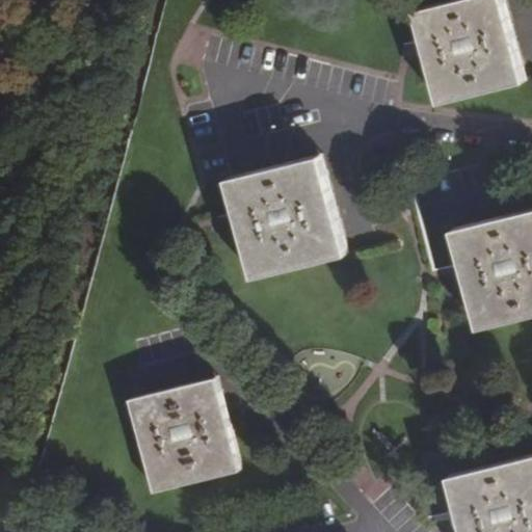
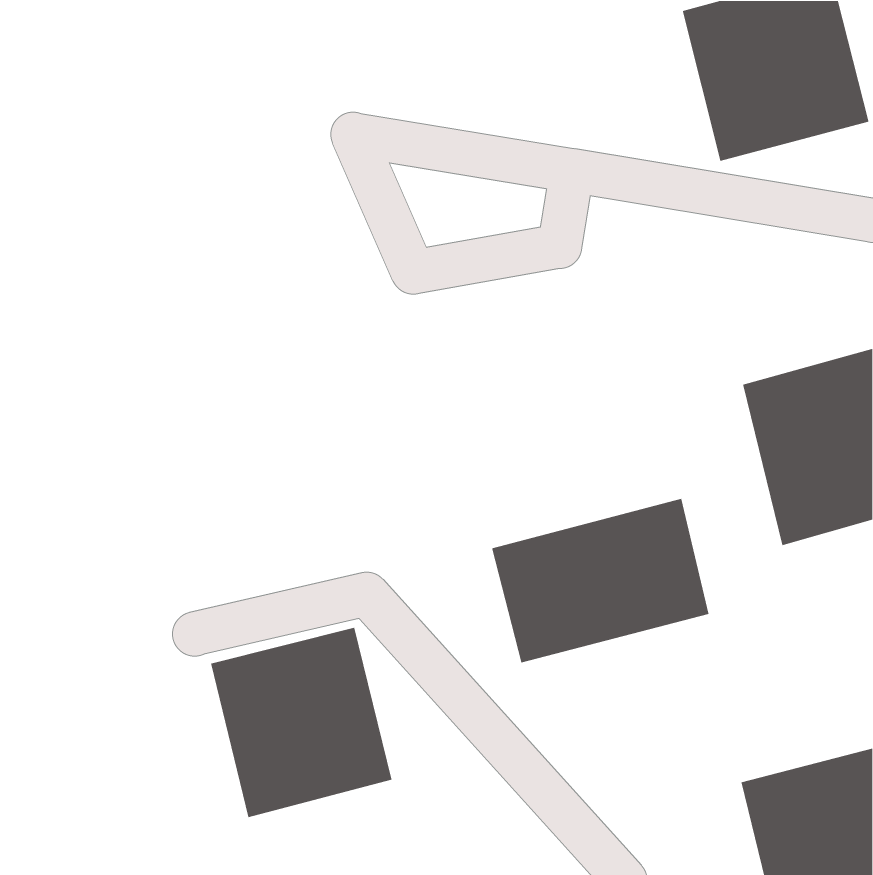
building: [227,157,347,281] -> none
building: none -> [491,498,710,664]

